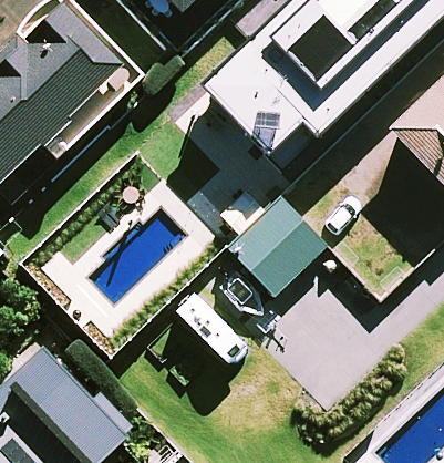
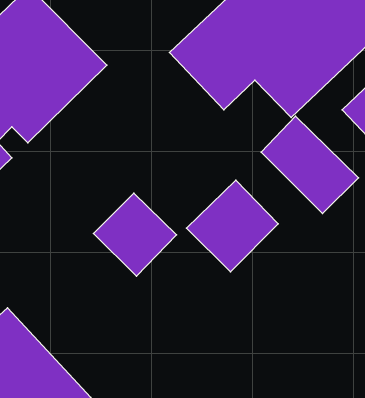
building: none -> [261,116,358,214]
building: none -> [94,193,177,276]

